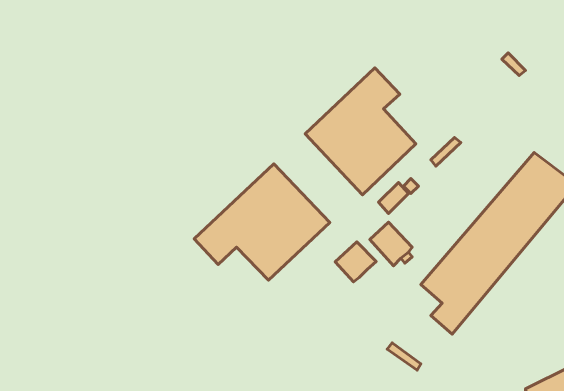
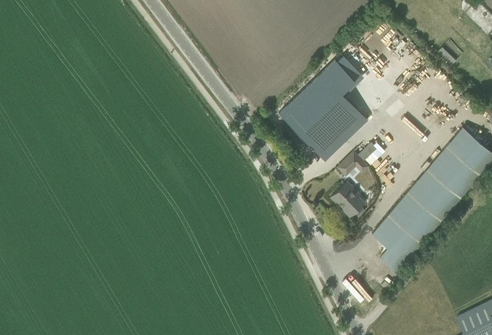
building: [194,164,330,280] -> none
building: [335,242,376,282] -> none

